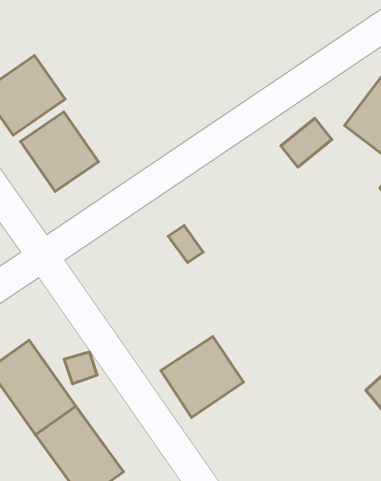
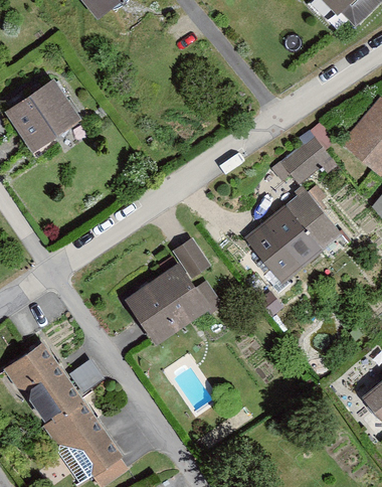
building: [21,112,98,192] -> none
building: none -> [245,187,343,281]
building: [161,337,244,417] -> [126,267,204,343]

